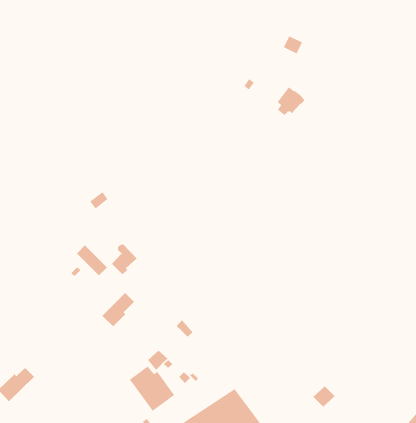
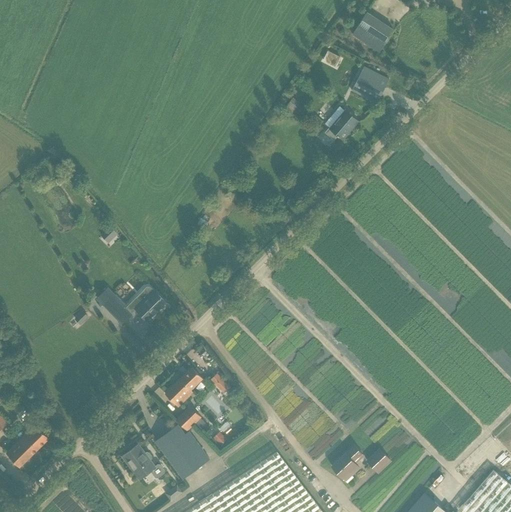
building: none -> [353,14,394,53]
building: none -> [352,68,389,104]
building: [102,292,135,327] -> [165,368,203,408]
building: none -> [122,445,164,479]
building: none -> [332,447,362,483]

